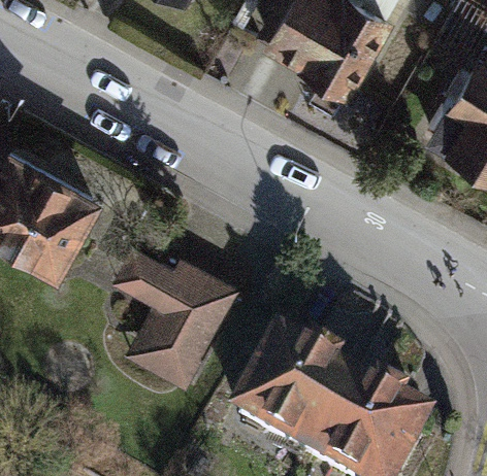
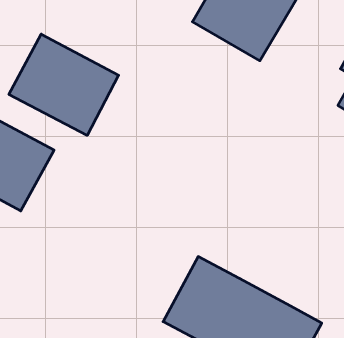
building: none -> [9,34,119,135]
building: [111,244,234,384] -> none

